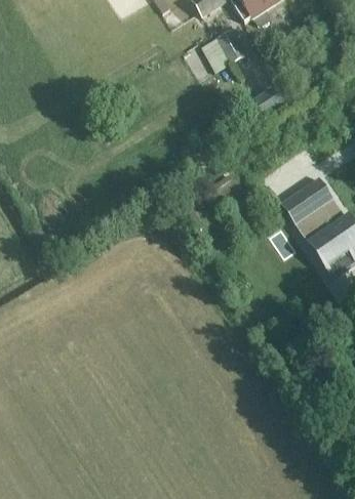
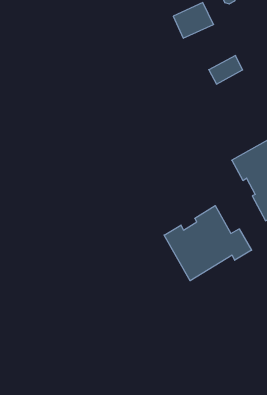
building: none -> [164,206,252,281]

